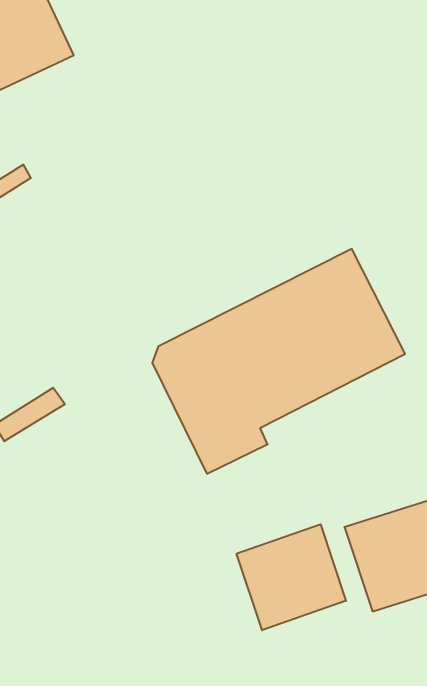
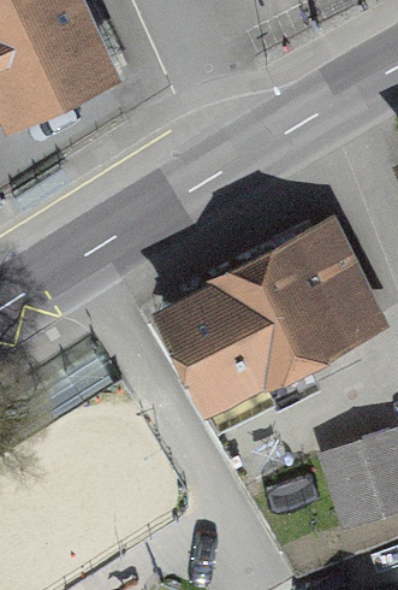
building: [237,524,346,630] -> none

